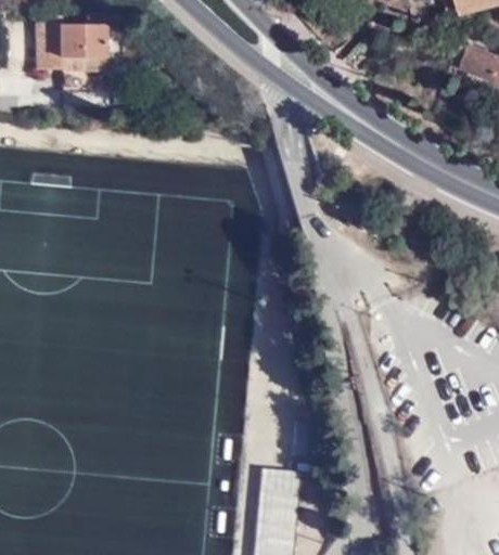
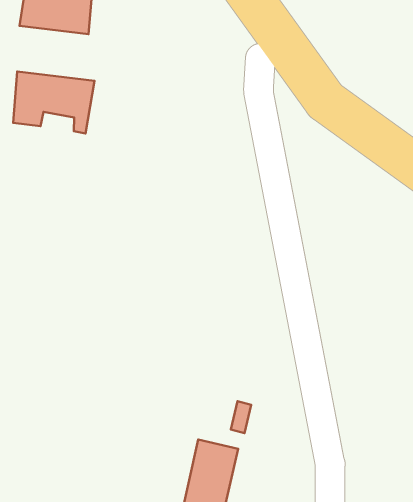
building: none -> [13,71,94,134]

